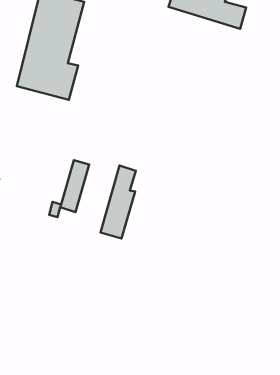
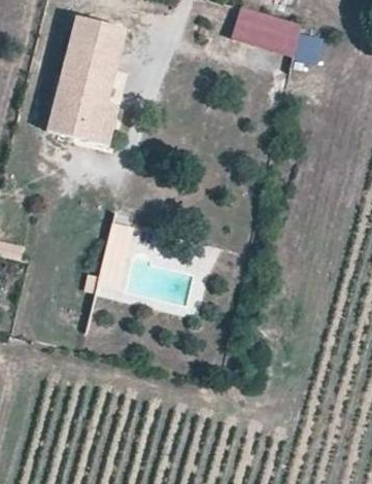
building: [100,166,136,239] -> none

